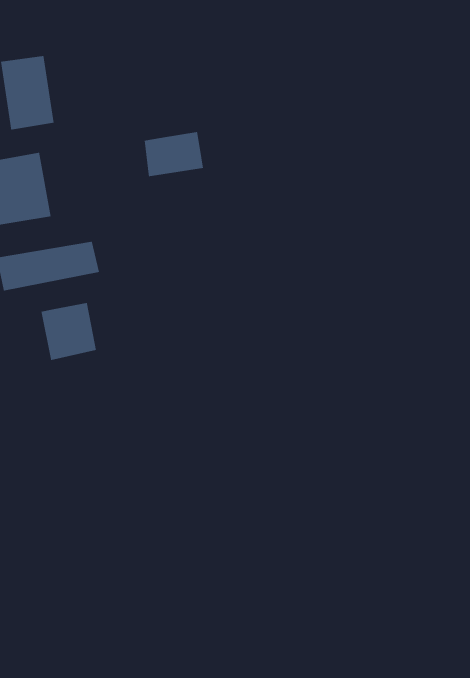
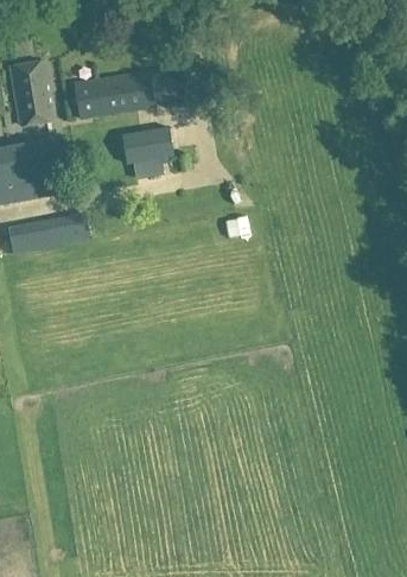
building: none -> [72,71,153,119]
building: [41,302,97,361] -> none

